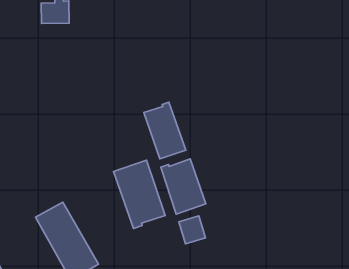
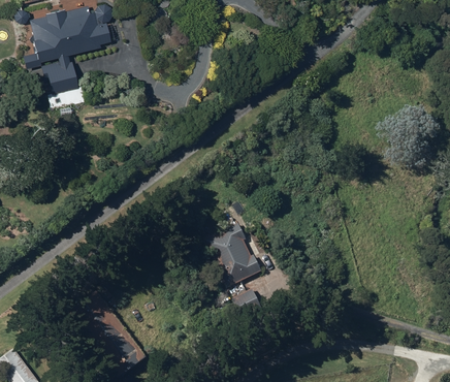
building: [144,102,186,159] -> none
building: [113,160,165,228] -> none

